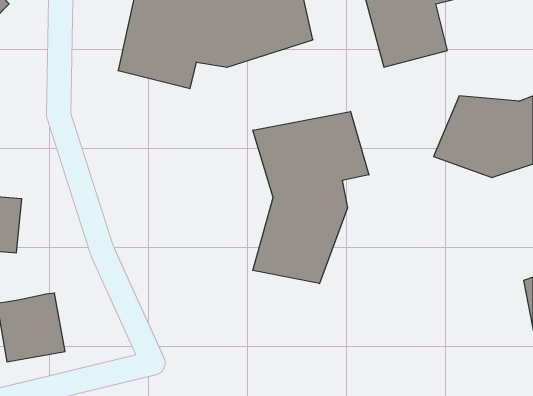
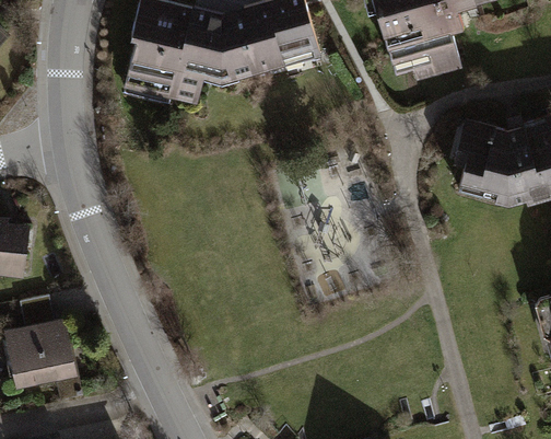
building: [253,111,369,284] -> none

